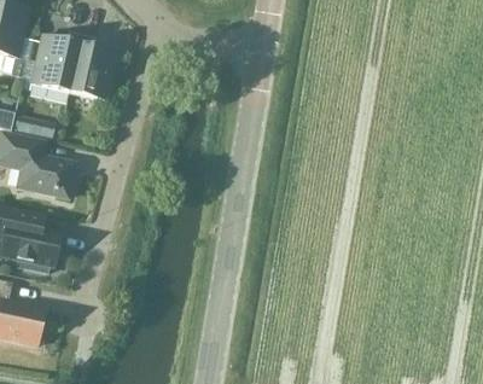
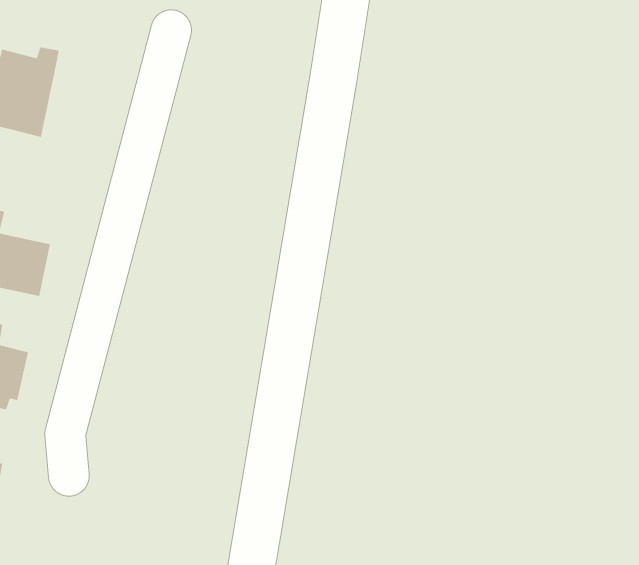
building: [69,35,117,101] -> none

